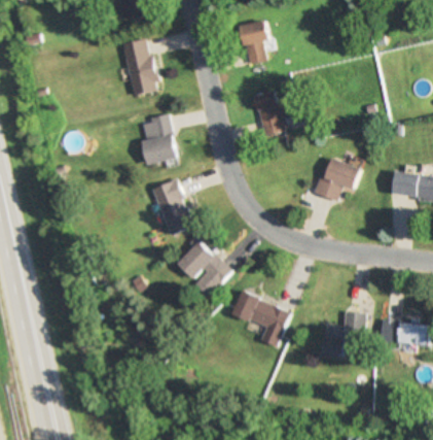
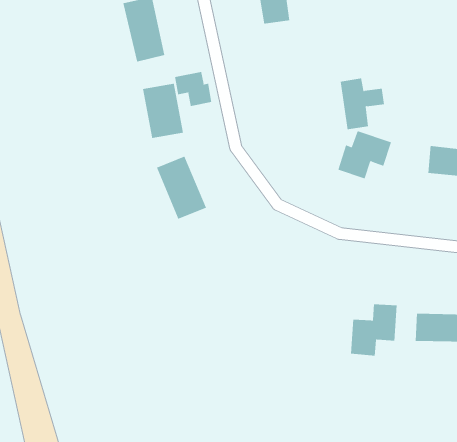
building: [255,90,295,136] -> [340,78,385,130]
building: none -> [174,71,212,107]
building: [176,240,230,294] -> none
building: [231,292,290,346] -> none

